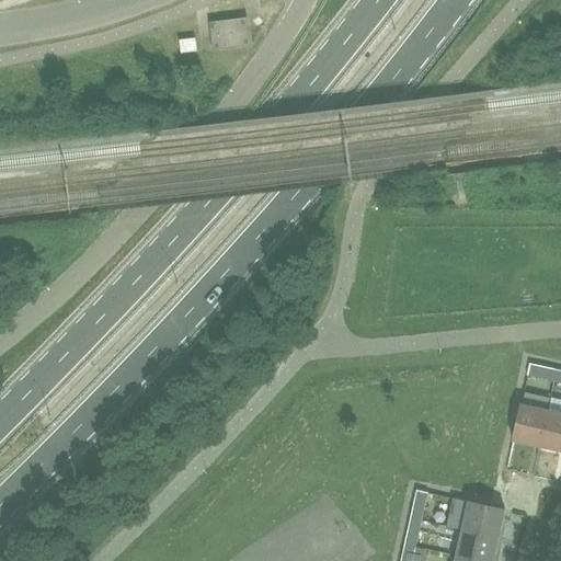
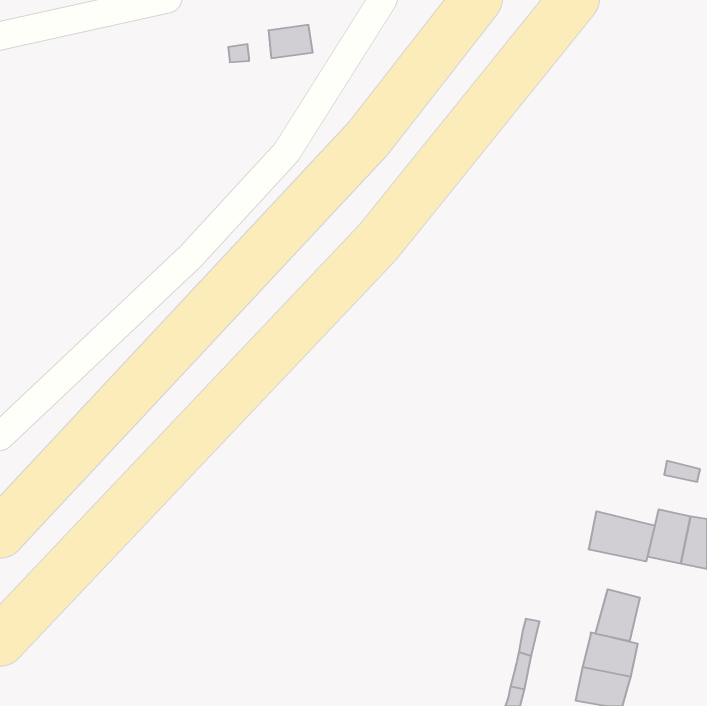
building: none -> [589,511,655,561]
building: none -> [596,589,640,642]

